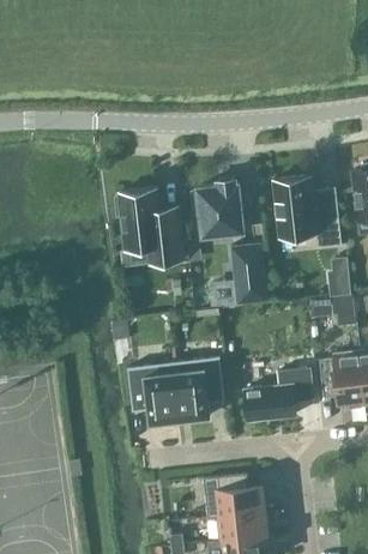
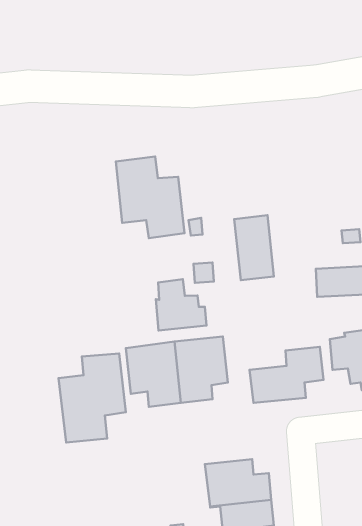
building: [272,177,339,248] -> none
building: [189,185,242,236] -> none
building: none -> [156,279,206,330]
building: none -> [58,353,126,442]

